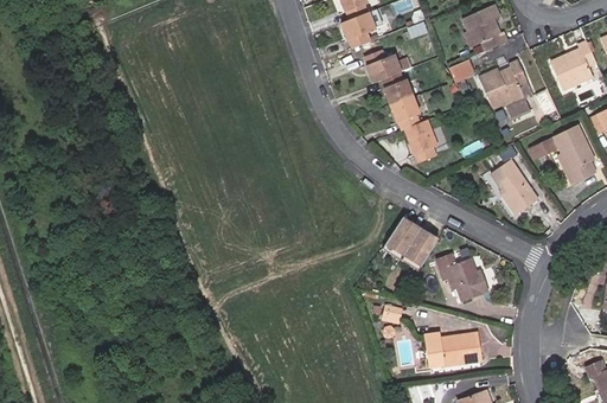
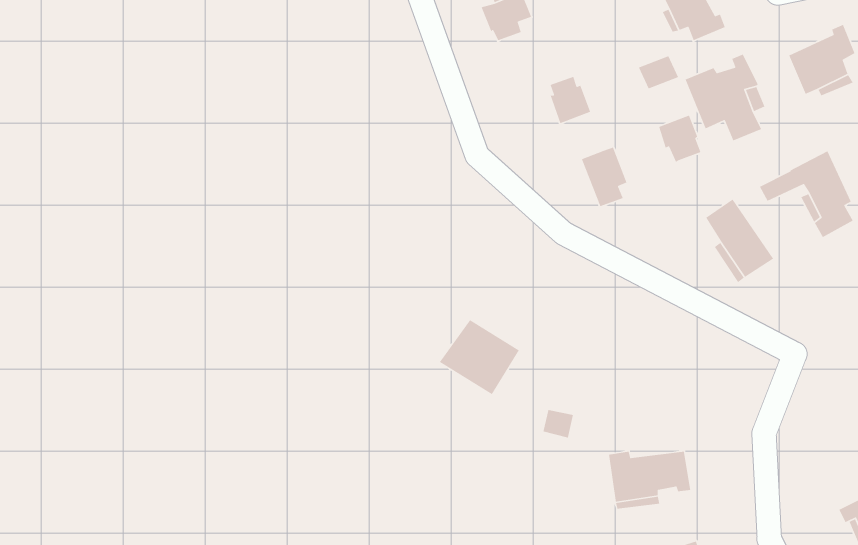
building: [366,50,403,82] -> none
building: [392,98,422,132] -> [658,114,701,163]
building: [383,218,439,270] -> [439,319,520,395]
building: [436,256,486,301] -> none

